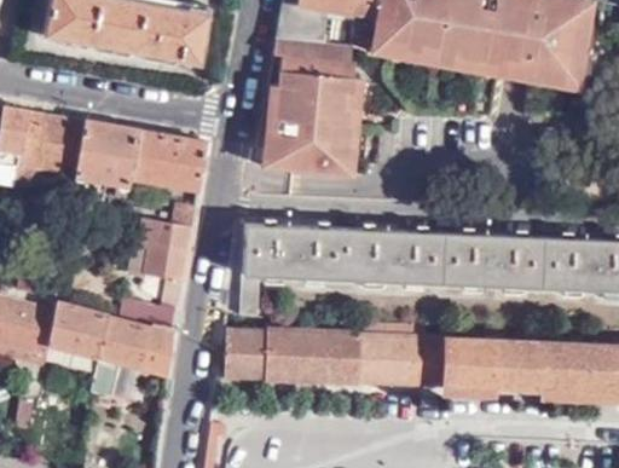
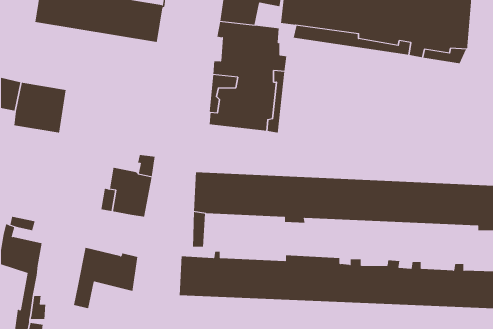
building: [74,121,207,197] -> none
building: [139,278,183,330] -> none
building: [48,306,108,366] -> none

